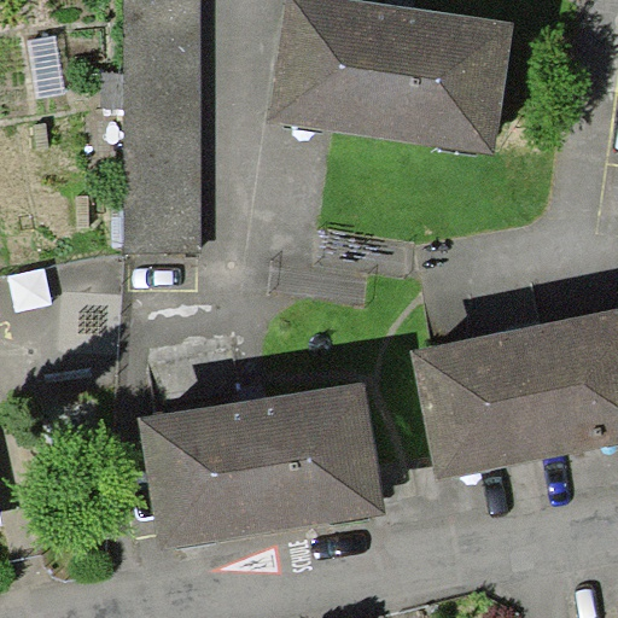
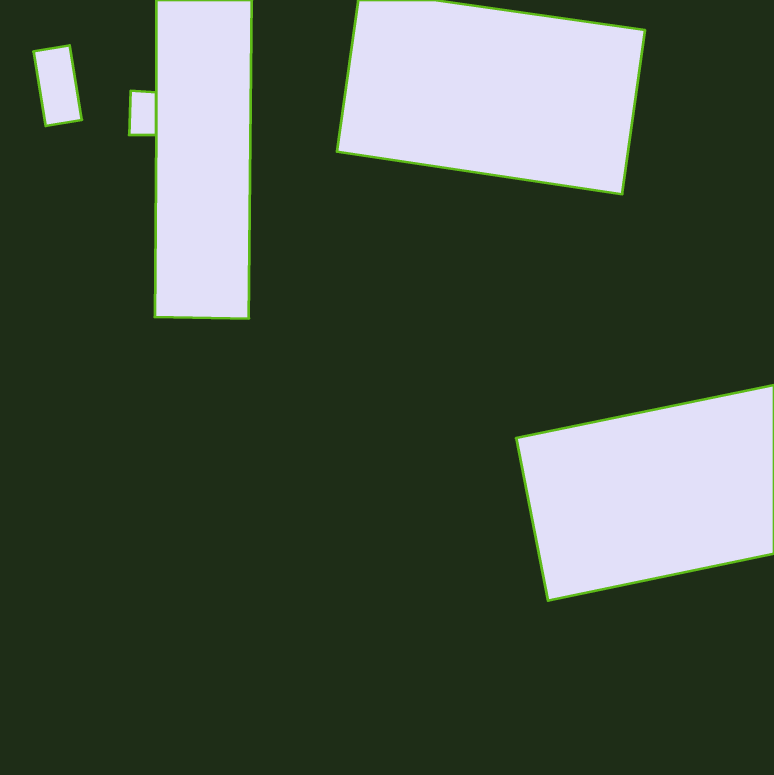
building: [139,381,385,547] -> none

